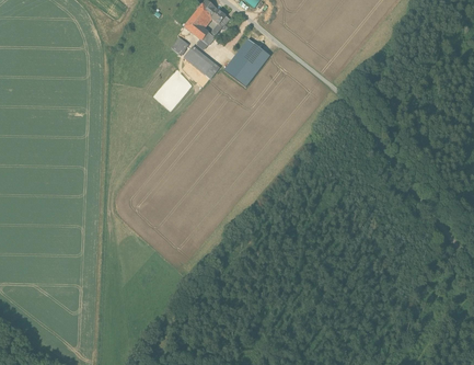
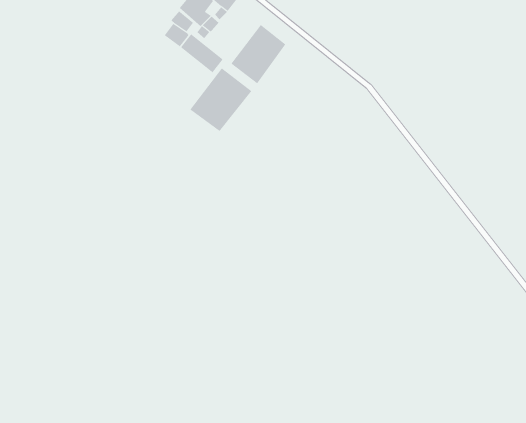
building: none -> [190,67,252,132]

